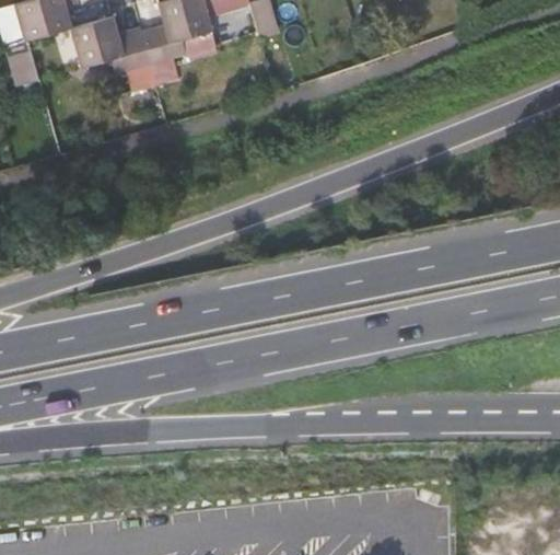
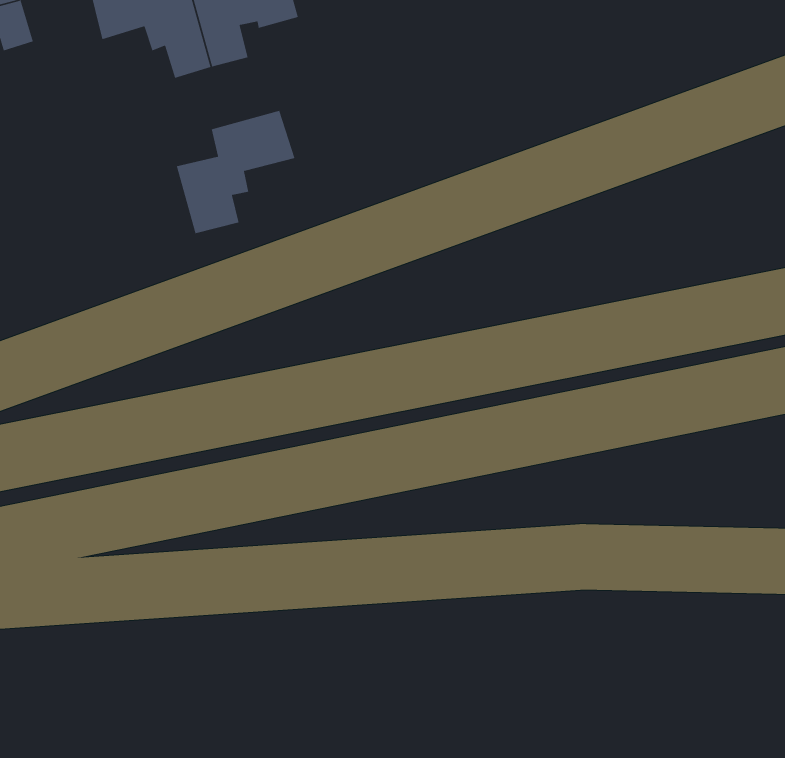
building: none -> [176,110,296,234]

